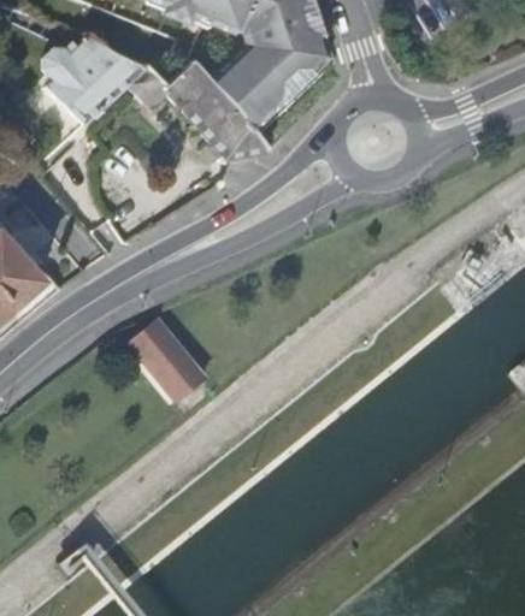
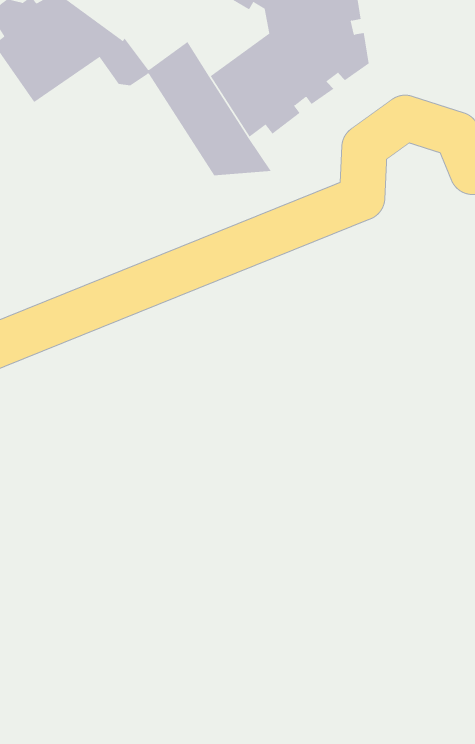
building: [129,315,207,401] -> none

